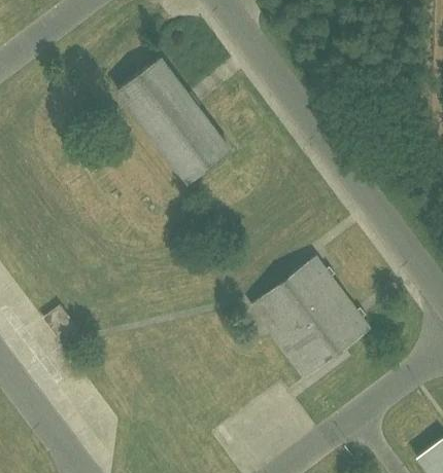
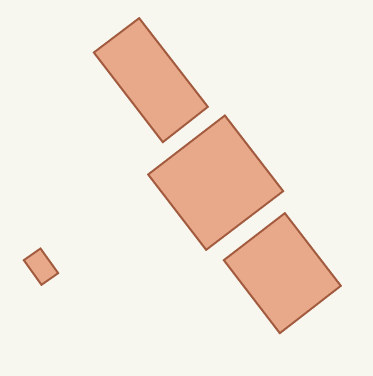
building: none -> [148,116,283,250]

